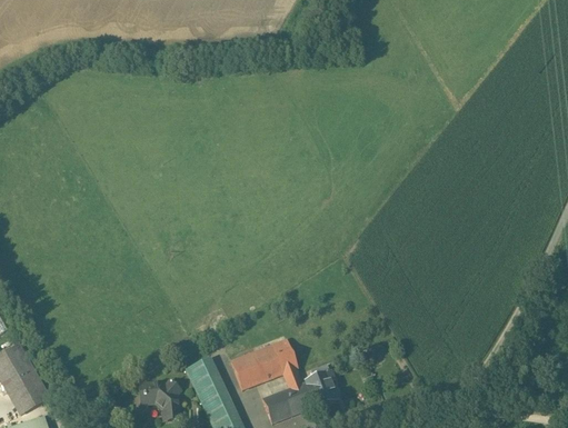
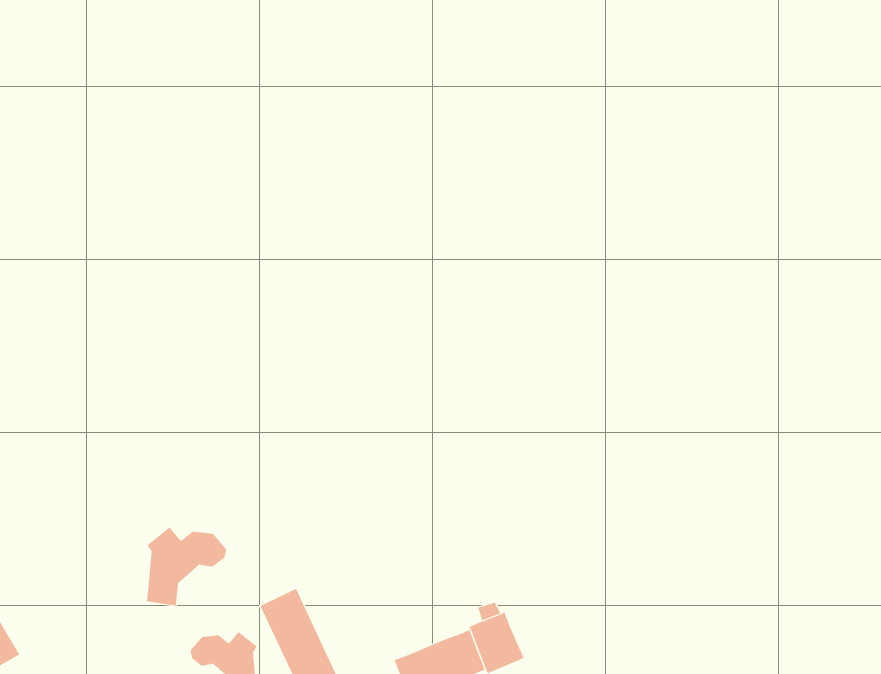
building: none -> [147,526,227,606]
building: [230,339,301,389] -> none

